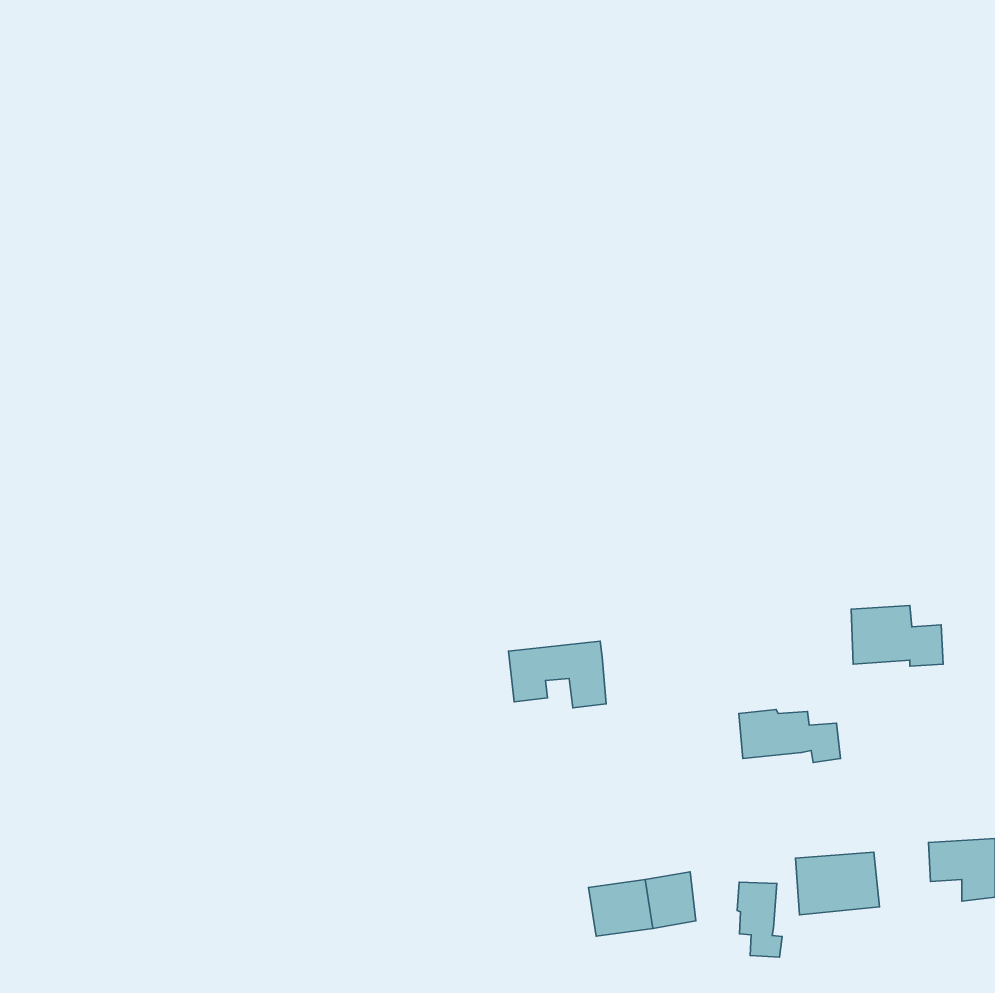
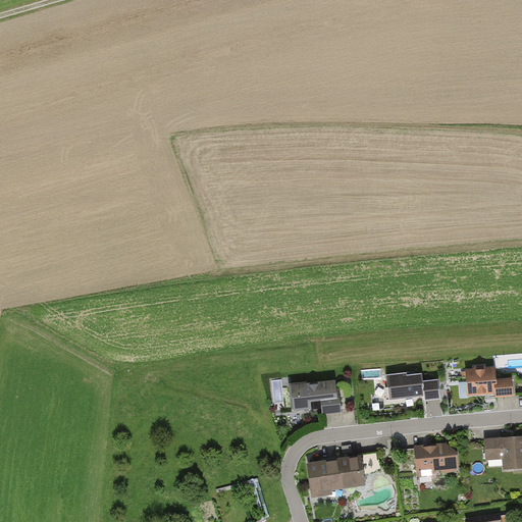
building: [851,605,943,666] -> [466,367,514,399]
building: [508,641,606,708] -> [289,377,340,412]
building: [737,882,782,957] -> none

